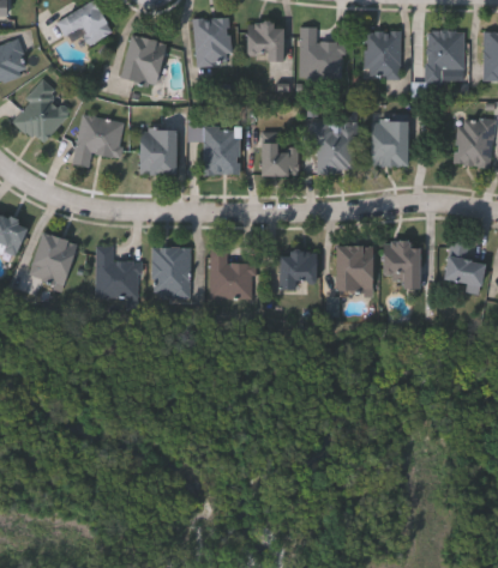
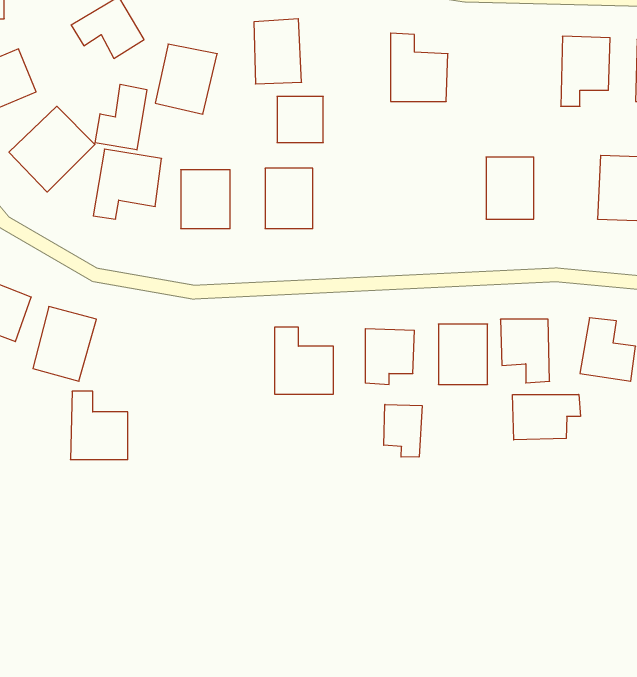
building: [247,24,282,59] -> [277,96,323,143]
building: [364,31,401,78] -> none
building: none -> [95,84,147,150]
building: [312,122,355,173] -> none
building: [263,144,299,175] -> none
building: [97,246,140,297] -> [70,391,128,460]
building: [154,247,191,296] -> none
building: none -> [513,394,580,440]
building: none -> [384,404,422,457]

